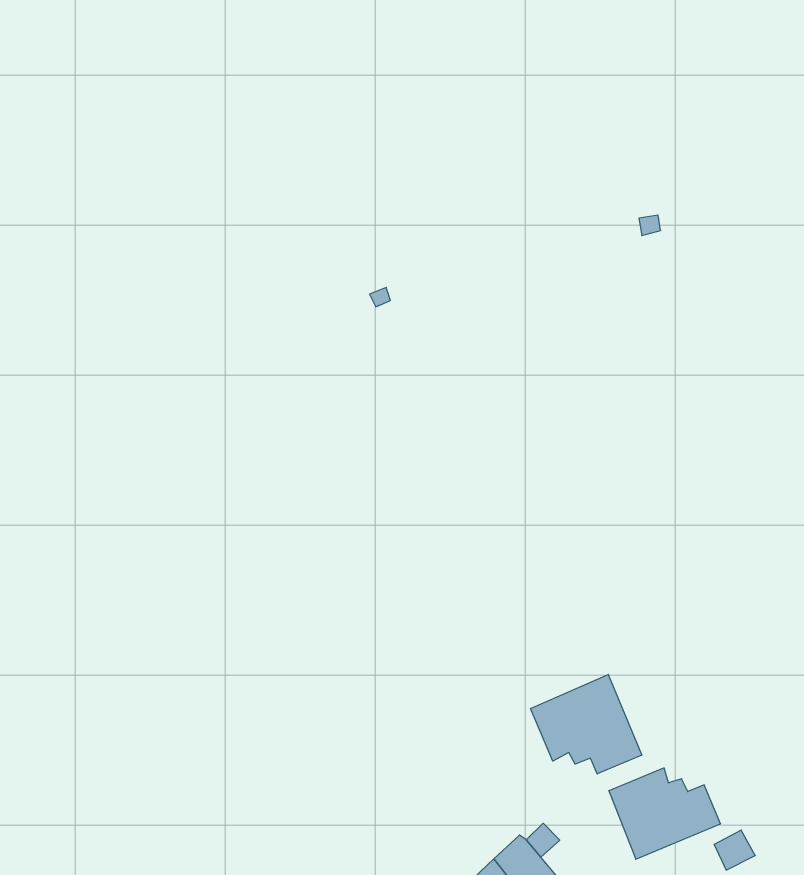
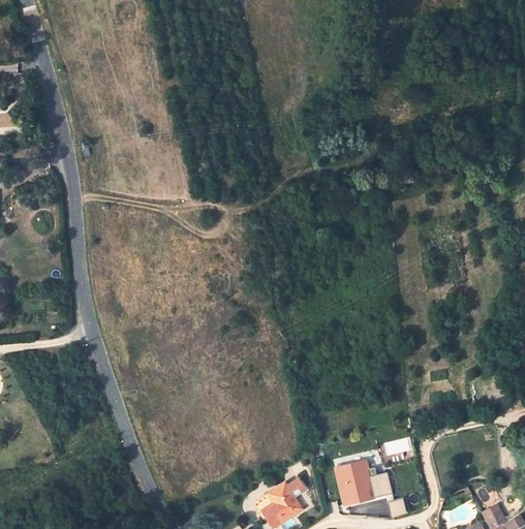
building: [531,674,642,774] -> none

